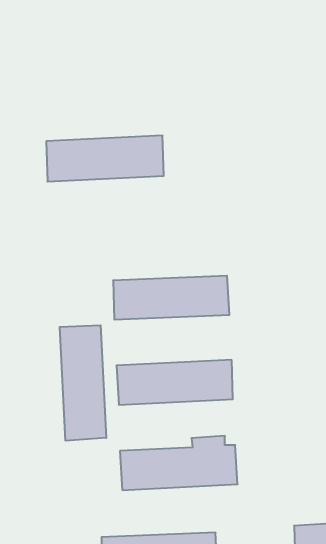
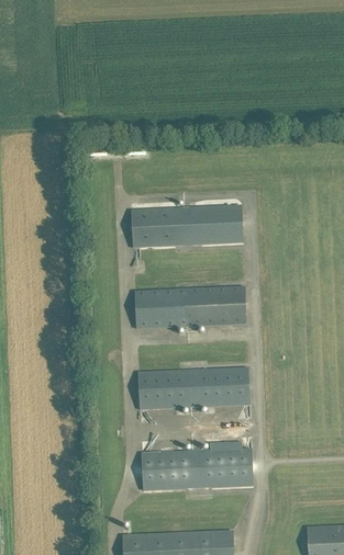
building: [46,136,164,182] -> [131,202,243,246]
building: [60,325,106,441] -> none

